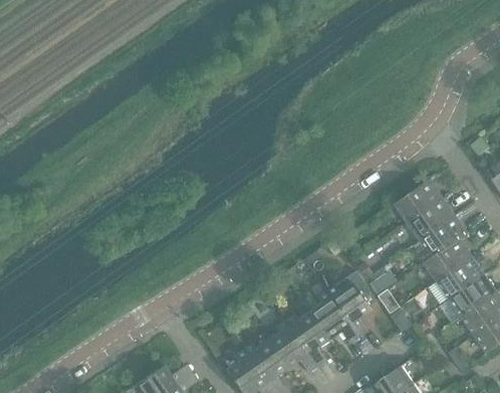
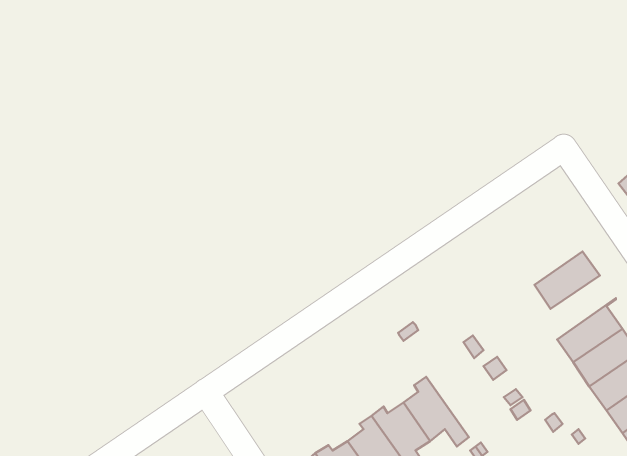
building: [395,180,444,224] -> none
building: [420,217,469,265] -> none
building: [326,272,377,339] -> none

